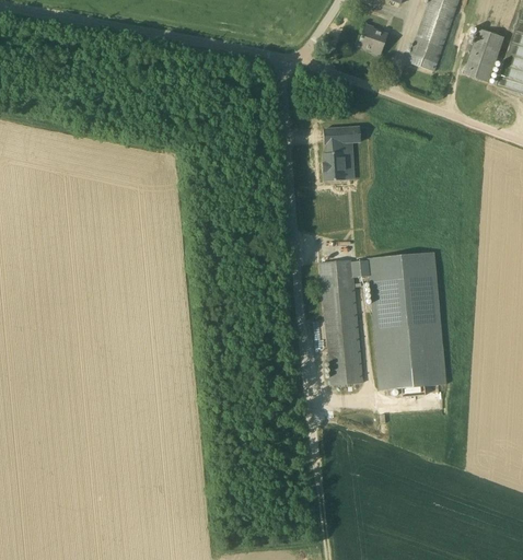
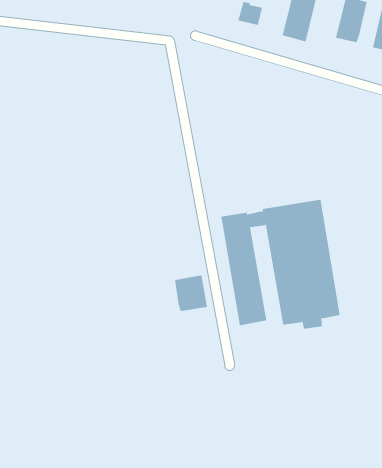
building: [323,126,361,180] -> none
building: none -> [175,274,207,312]

